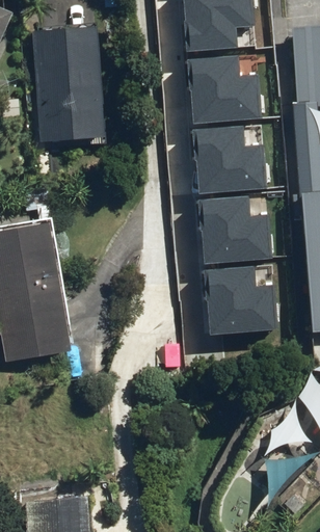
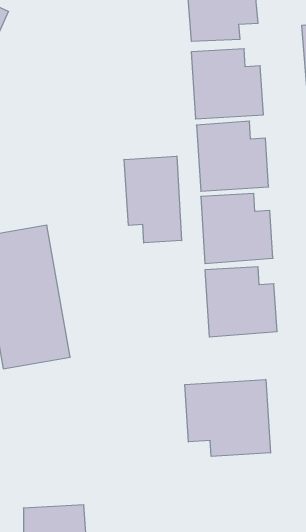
building: [31,28,105,143] -> none
building: none -> [124,156,182,243]
building: none -> [185,379,270,456]

